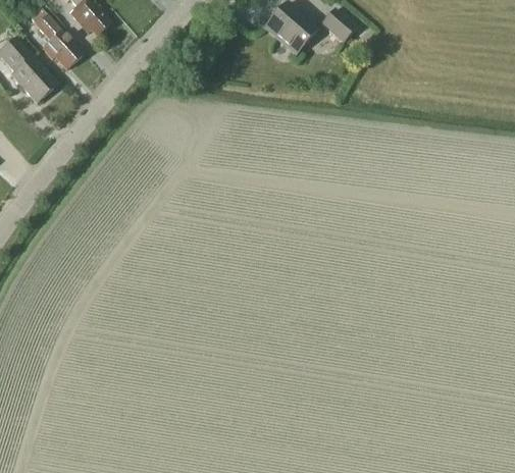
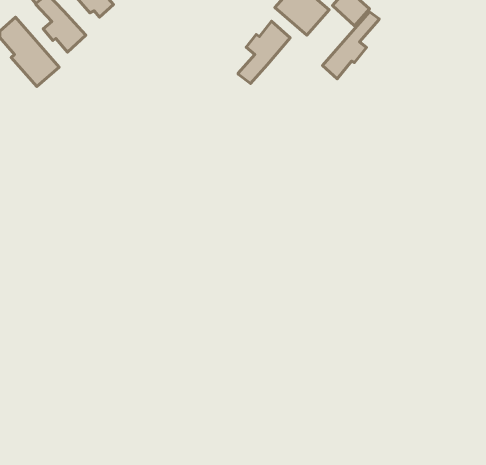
building: none -> [323,12,379,79]
building: none -> [238,21,290,84]

